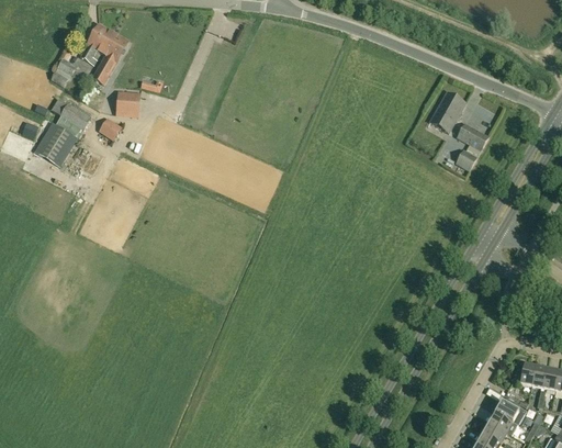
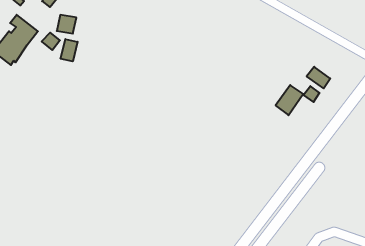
building: [430,91,465,132] -> [276,85,303,115]
building: none -> [61,39,78,61]

